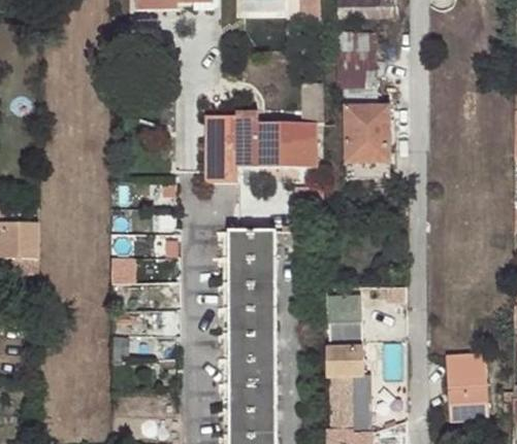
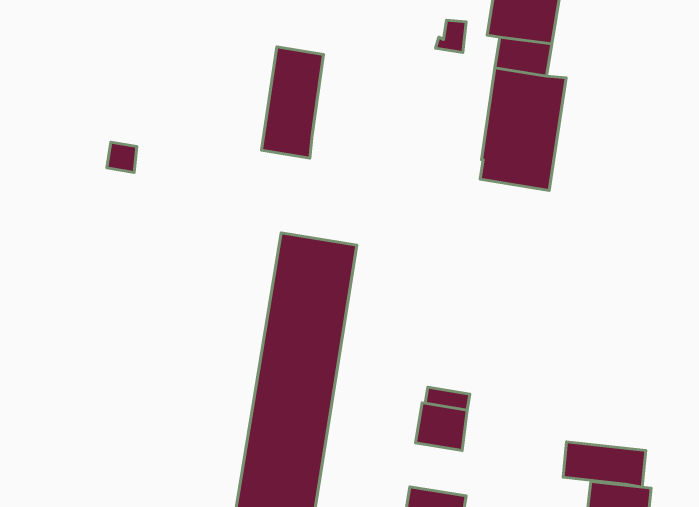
building: [235,109,317,166] -> none
building: none -> [563,442,646,487]
building: [325,347,362,375] -> none

